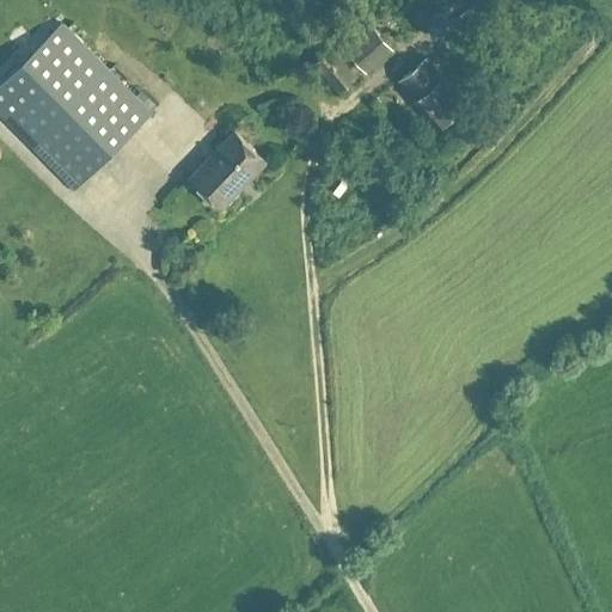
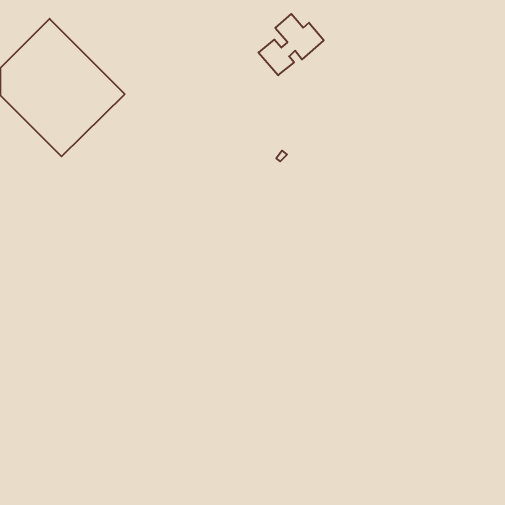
building: [399,59,465,127] -> none
building: [190,133,265,208] -> none

